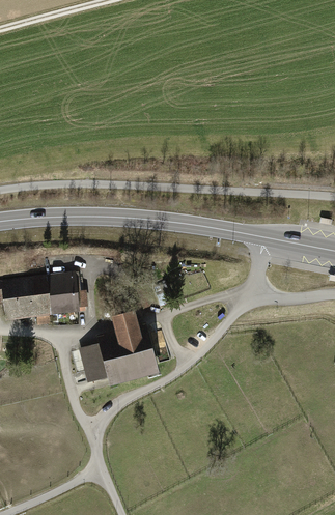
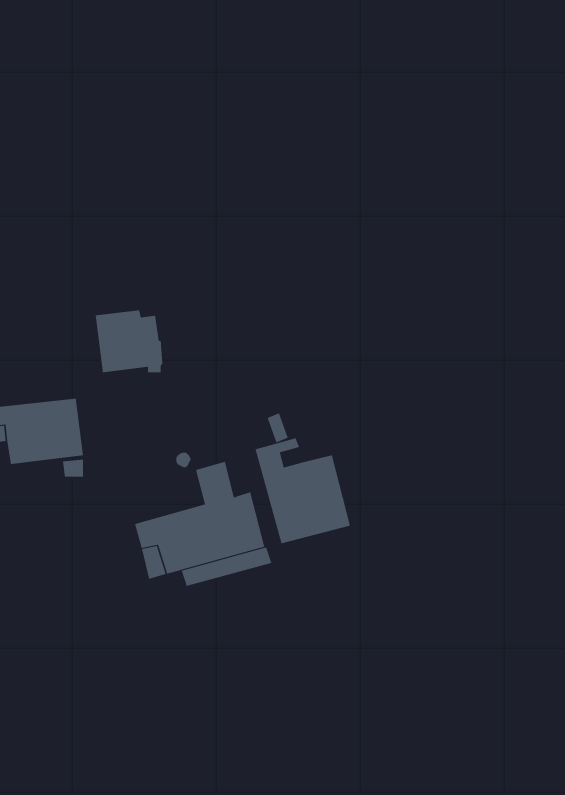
building: [46,274,85,310] -> [95,310,163,373]
building: none -> [255,438,351,544]

